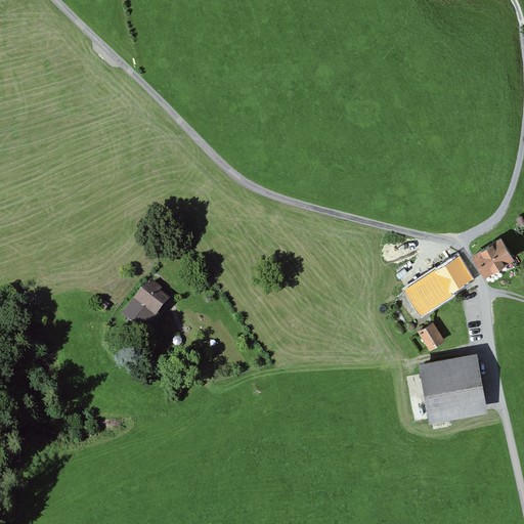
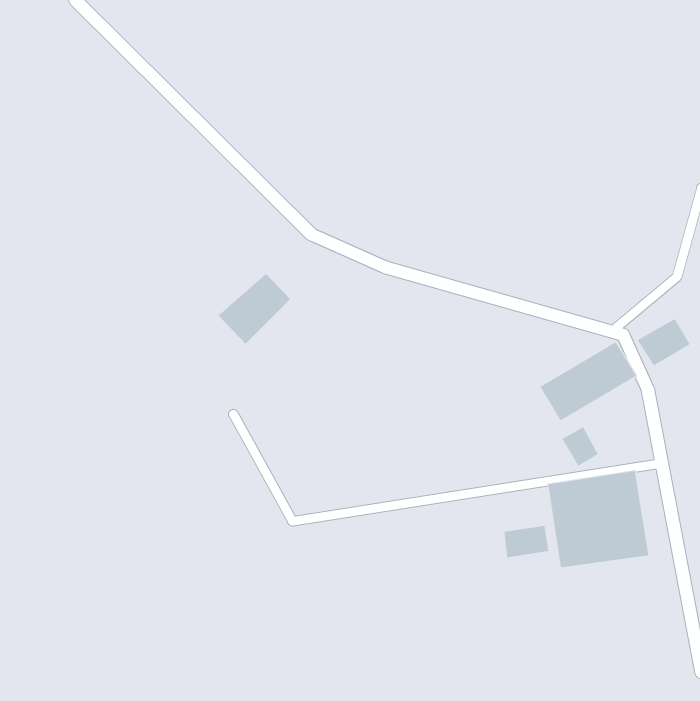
building: [116,283,170,337] -> [218,273,291,344]
building: none -> [504,525,549,558]

